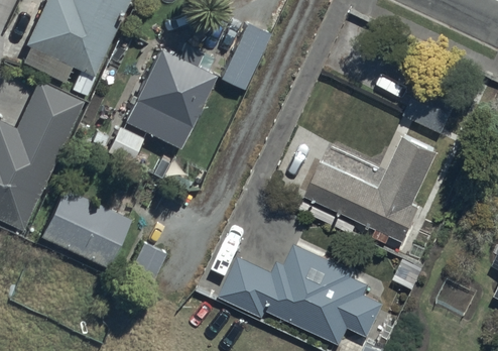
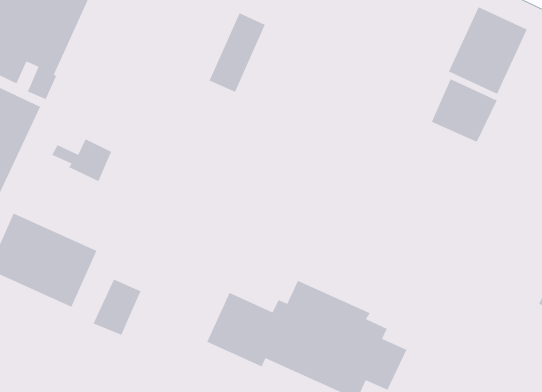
building: none -> [448,6,528,95]
building: [124,46,216,148] -> none
building: [306,136,438,242] -> none

